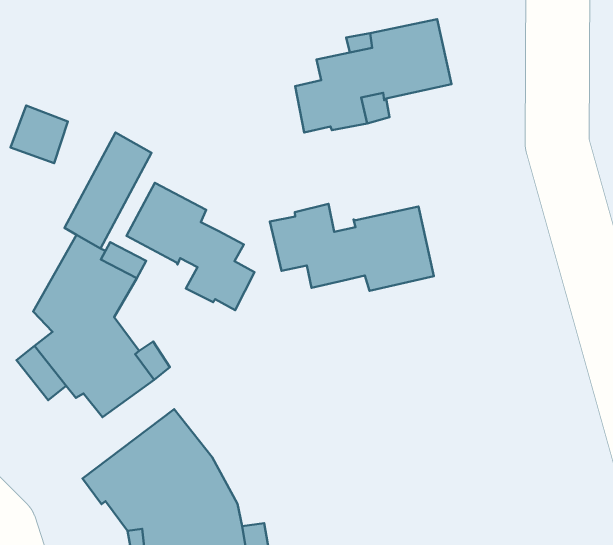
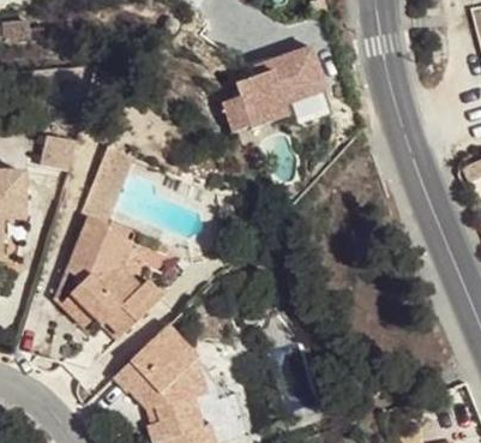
building: [126,183,255,310] -> none
building: [270,204,434,291] -> none

